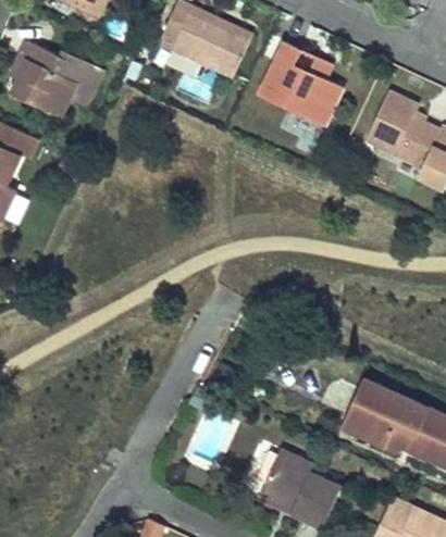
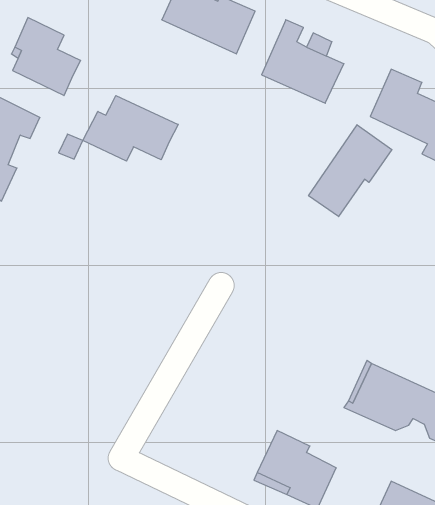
building: [58,50,106,108] -> none
building: none -> [83,96,178,161]
building: none -> [309,125,392,217]

